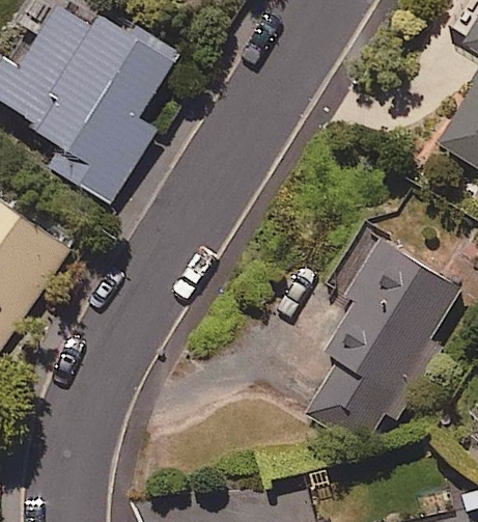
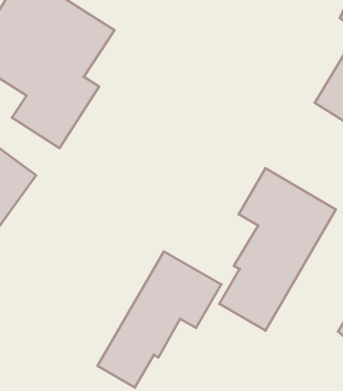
building: none -> [98,252,221,388]

